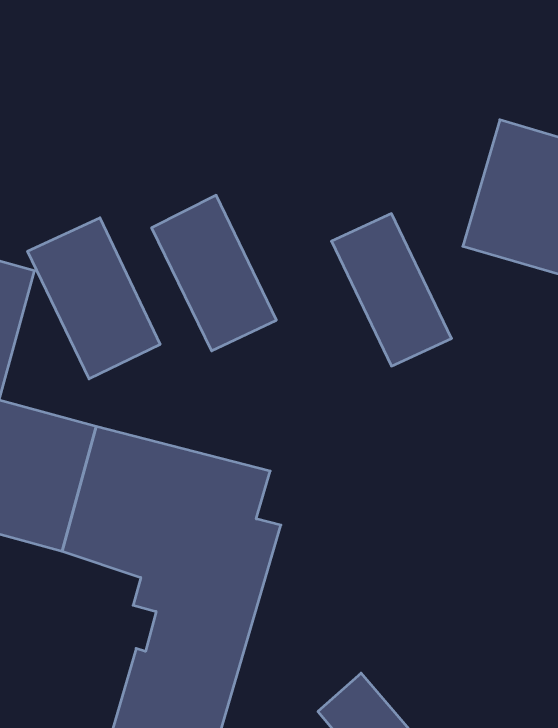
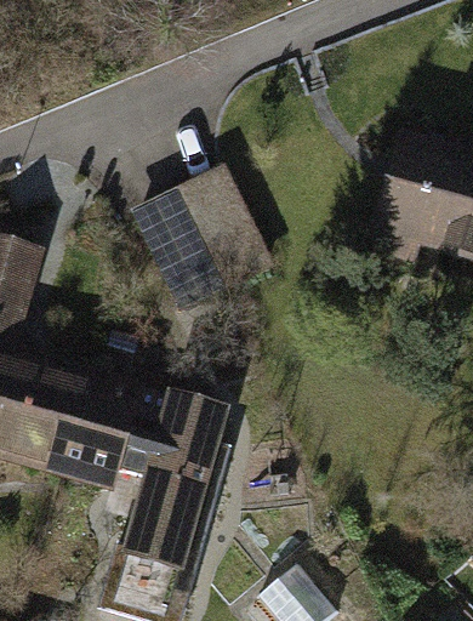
building: [331,214,452,366] -> [179,166,274,286]
building: [28,218,160,379] -> none

